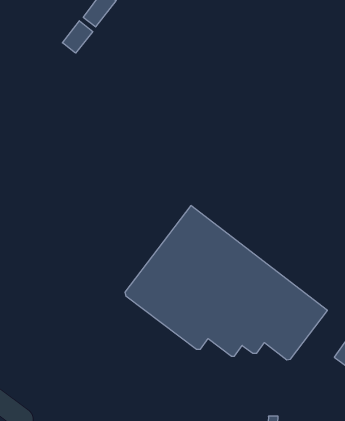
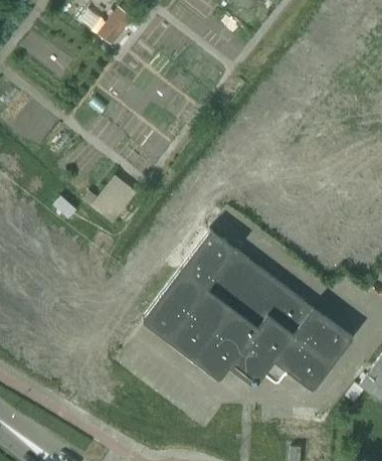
building: [62,21,93,53] -> none

